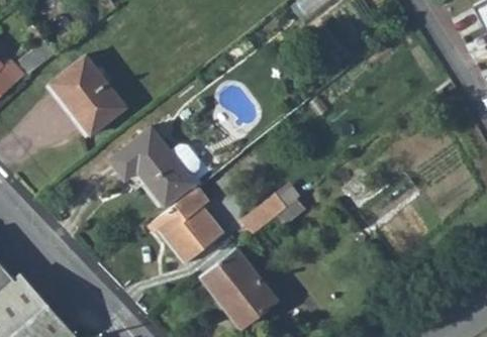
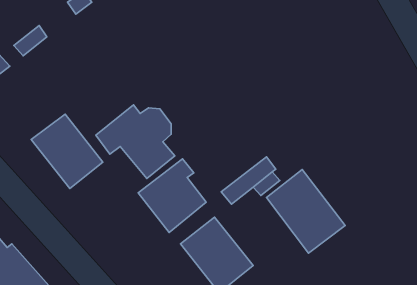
building: [48,54,125,134] -> [31,114,103,189]
building: none -> [266,170,345,253]

